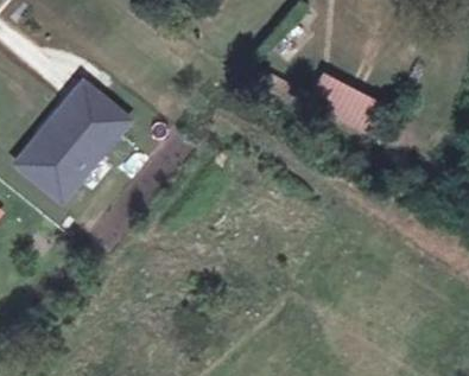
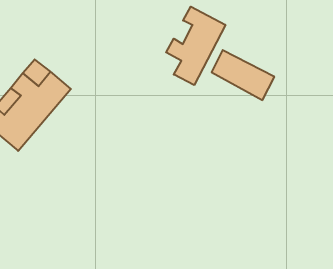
building: none -> [166,7,225,85]

